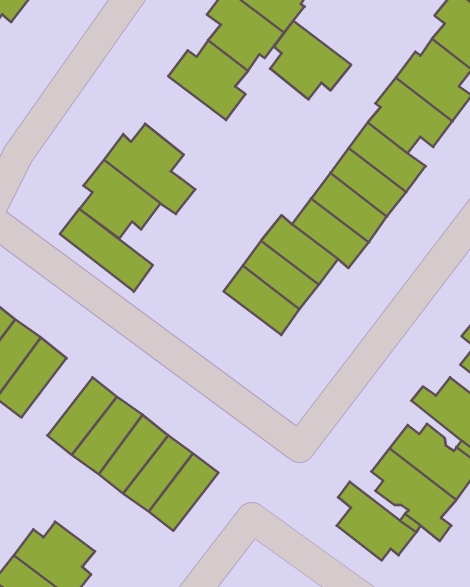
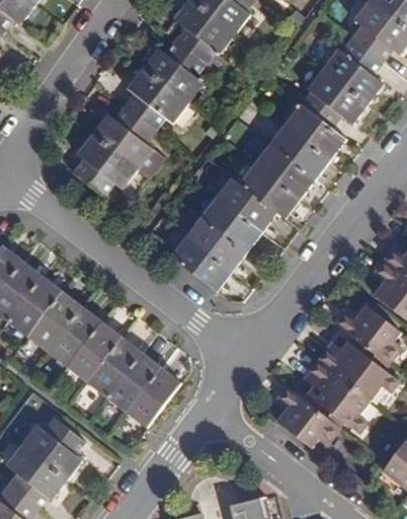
building: [270,21,351,99] -> [125,68,188,130]
building: [60,209,153,292] -> none
building: none -> [171,237,232,292]
building: none -> [27,290,83,351]

